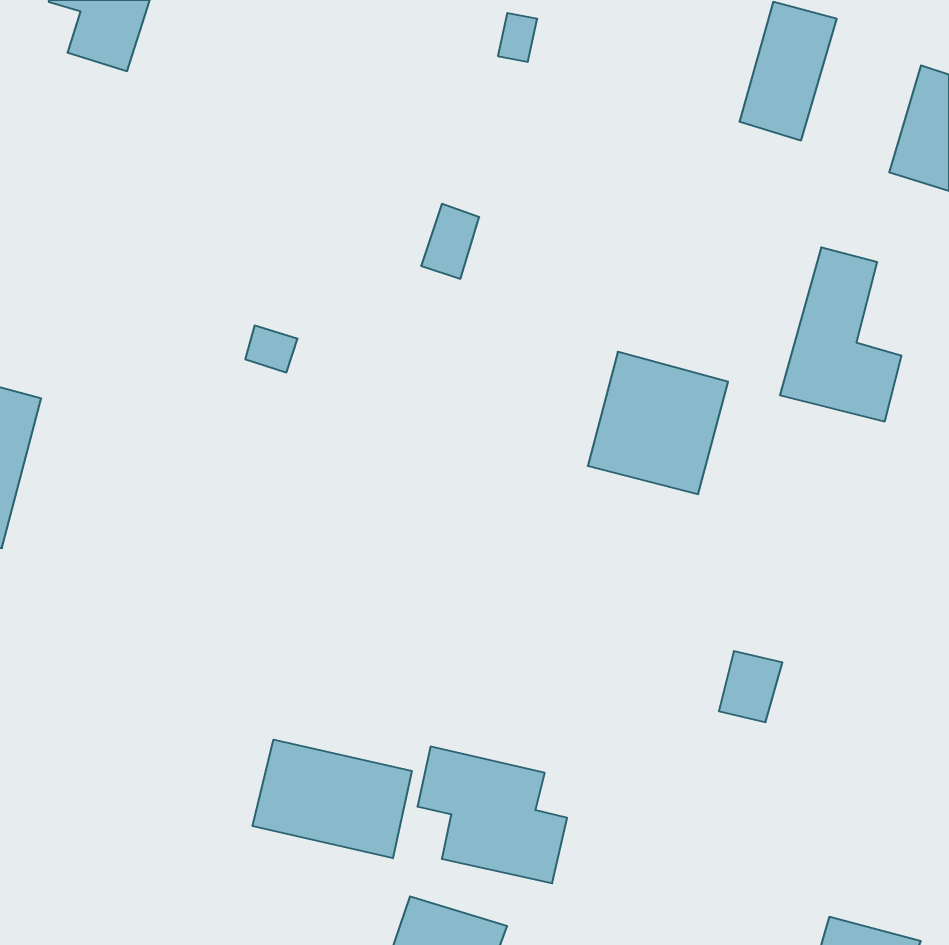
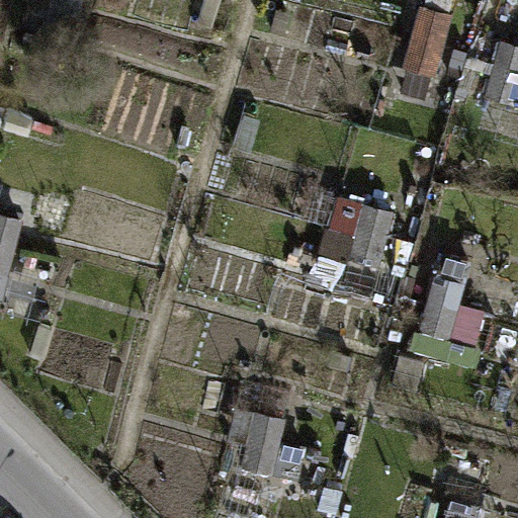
building: [780,247,902,421] -> [417,255,483,349]
building: [253,740,412,858] -> none

